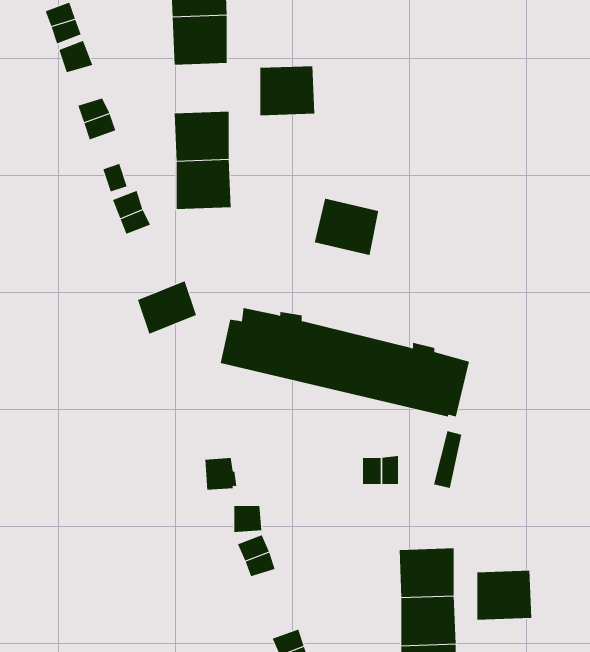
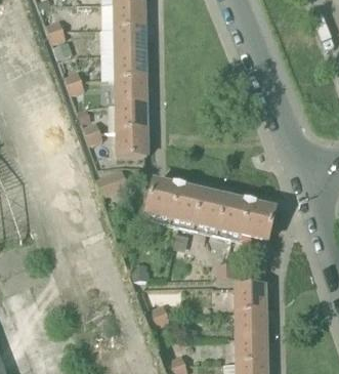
building: [259,66,315,116] -> [115,52,144,79]
building: [314,198,379,256] -> none
building: none -> [116,129,145,156]
building: [476,570,532,620] -> [235,285,264,311]

